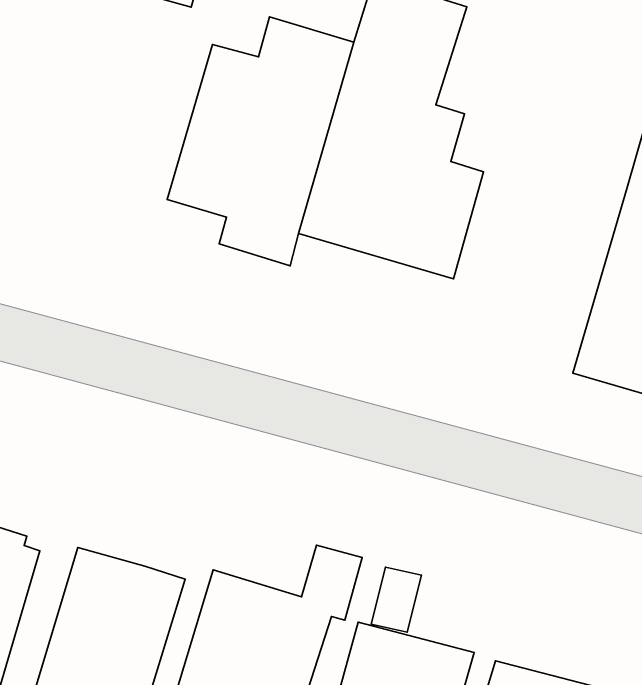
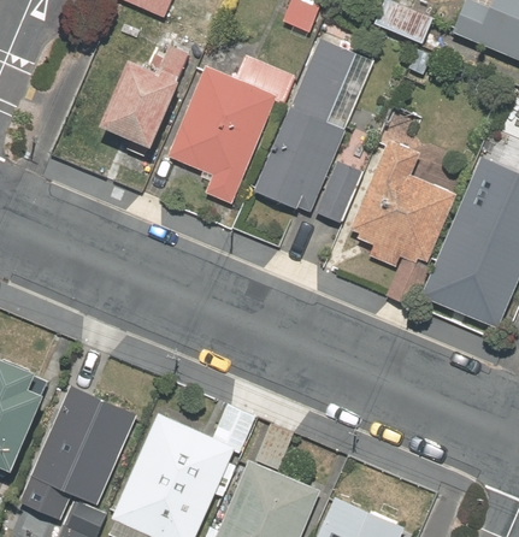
building: none -> [100,43,197,160]
building: none -> [341,130,464,311]

